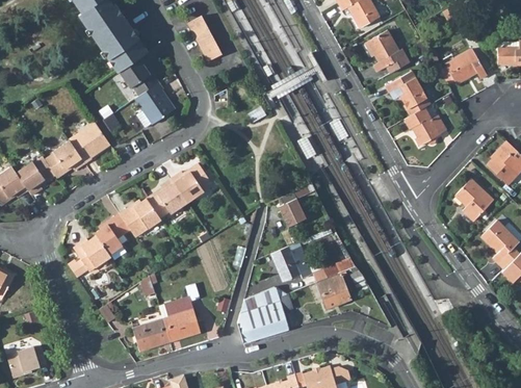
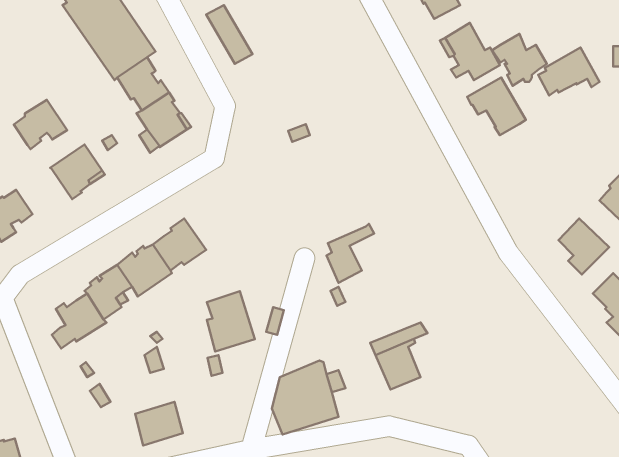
building: [405,106,446,146] -> [492,34,547,86]
building: [45,140,85,178] -> [14,100,67,149]
building: [171,162,211,202] -> none
building: [271,245,310,280] -> none
building: [163,295,200,341] -> [207,291,255,351]

